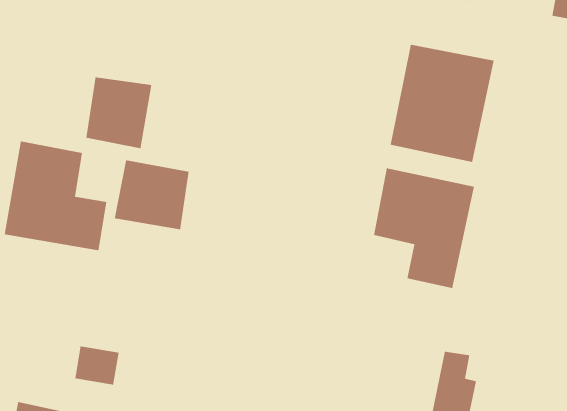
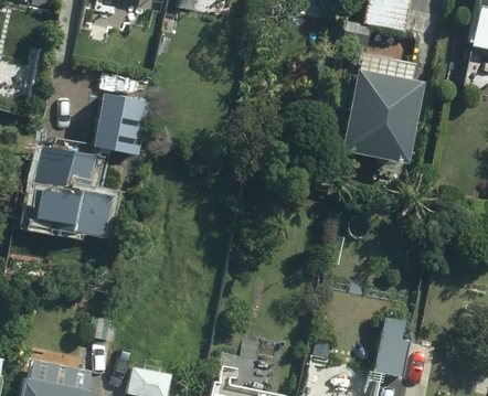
building: [114,159,189,230] -> none
building: [373,168,474,289] -> none

